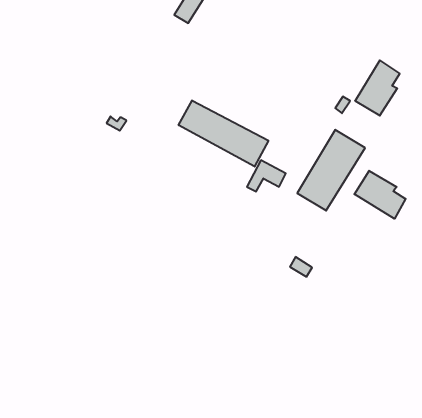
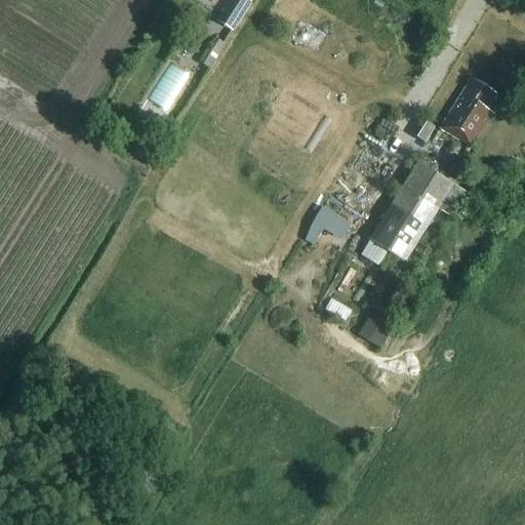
building: [179,100,268,167] -> none
building: [354,171,406,219] -> none

